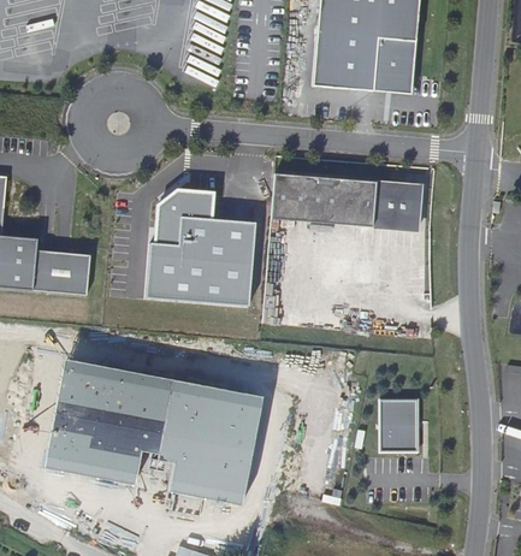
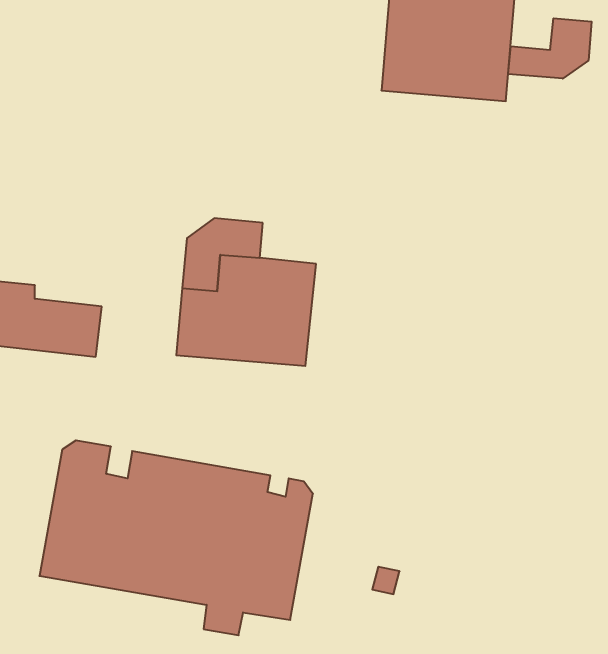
building: none -> [508,18,592,79]
building: [272,172,422,230] -> none
building: [380,398,419,451] -> none

